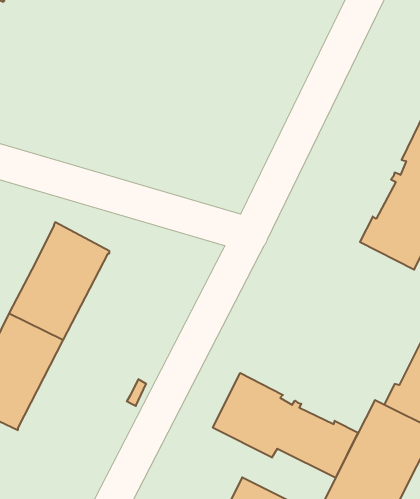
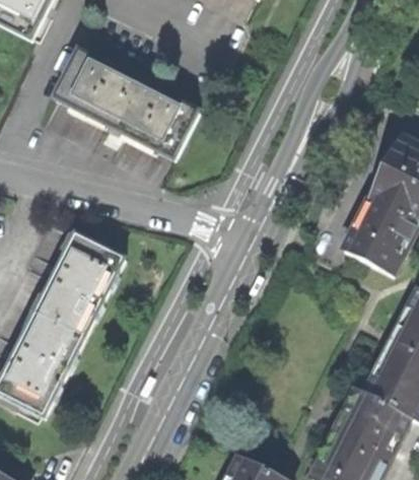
building: none -> [54,48,198,156]
building: [213,373,358,478] -> none

